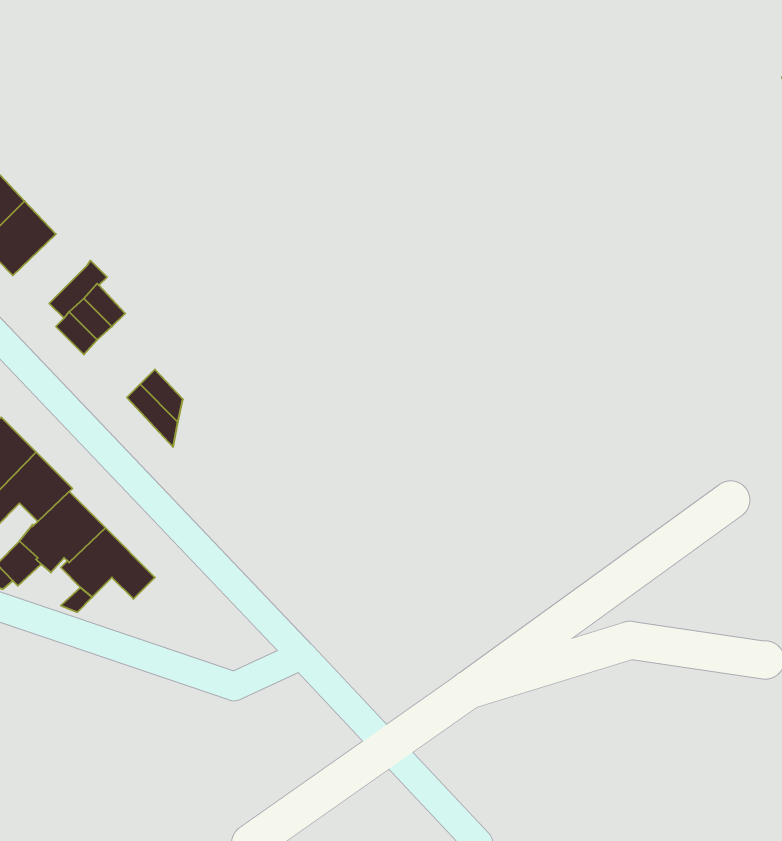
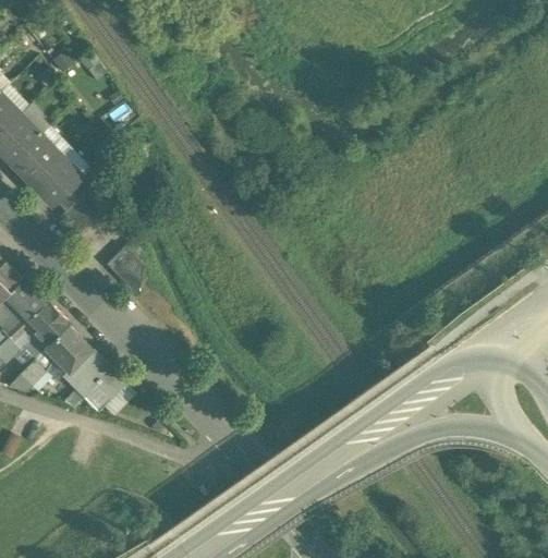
building: none -> [31,155,80,204]

